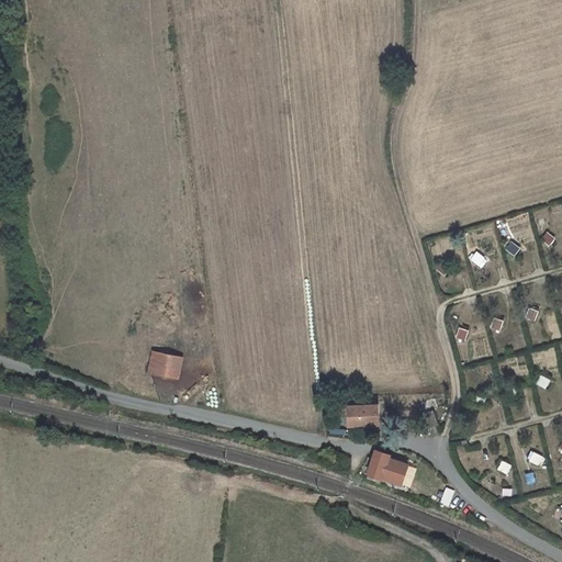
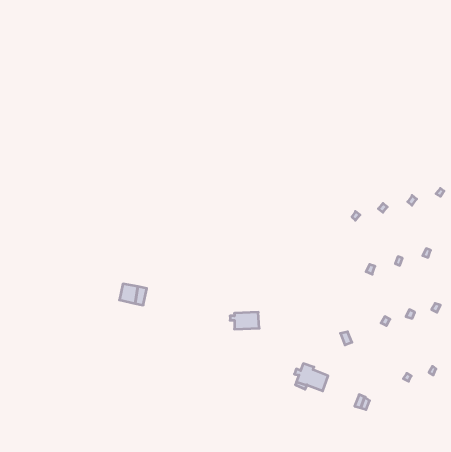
building: [342,404,379,425] -> [230,312,259,329]

